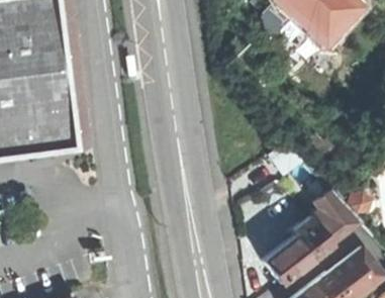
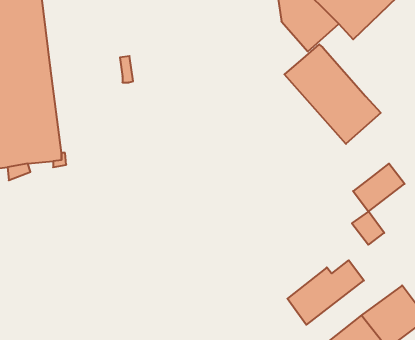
building: none -> [284,44,381,144]
building: [317,205,361,245] -> [353,164,405,211]

